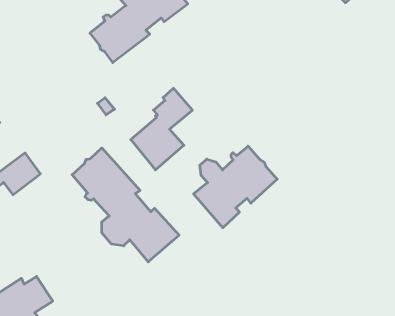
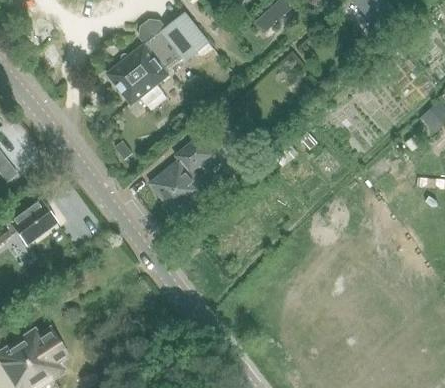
building: [194,146,277,228] -> none
building: [72,148,179,262] -> none

